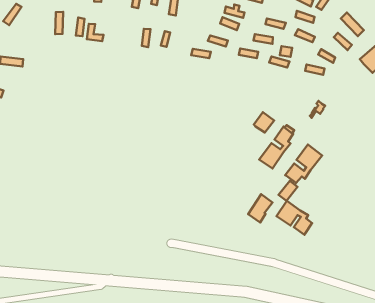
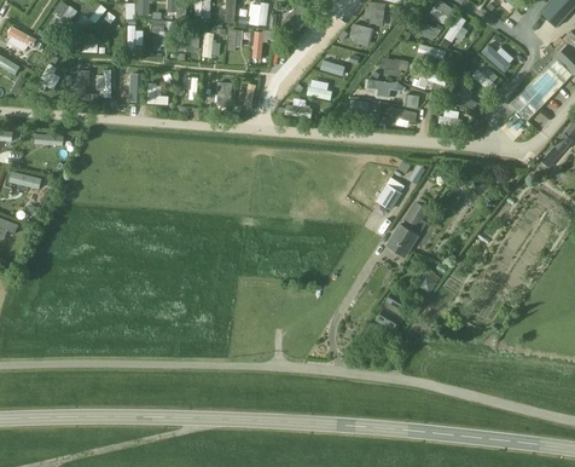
building: [285,144,322,183] -> none
building: [276,201,312,235] -> none

